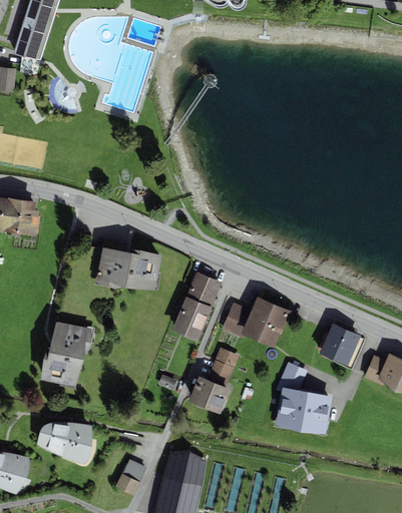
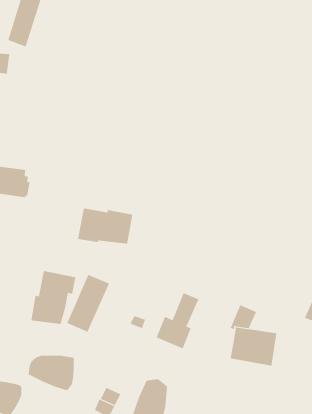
building: [170,273,222,342] -> [67,274,110,332]
building: [223,297,291,349] -> none
building: [319,324,366,370] -> none

